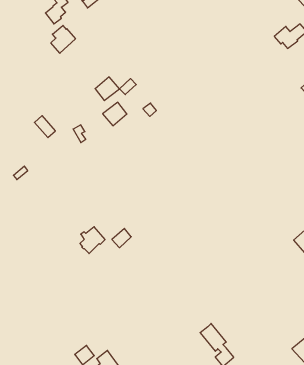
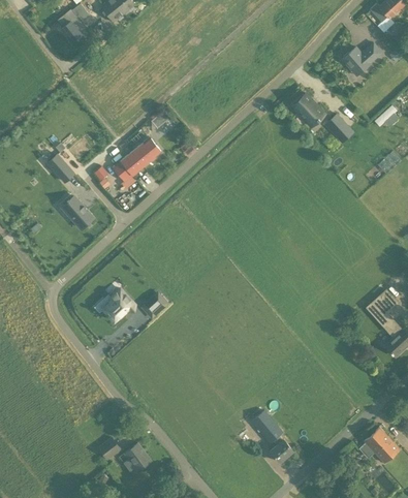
building: [51,25,75,53] -> none
building: none -> [292,92,323,126]
building: [95,77,119,101] -> [114,152,144,181]
building: none -> [324,113,354,144]
building: none -> [58,195,88,226]

